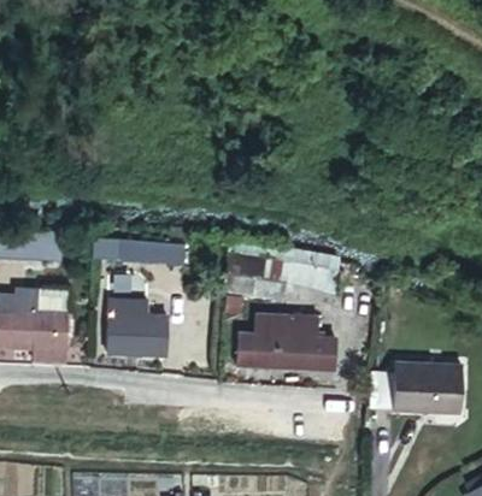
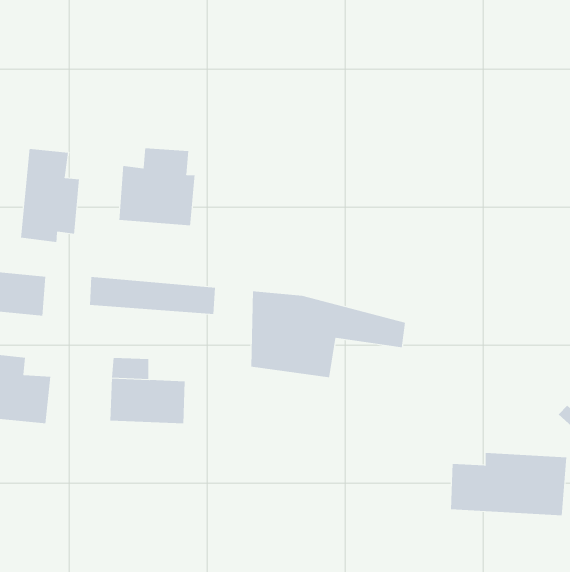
building: none -> [119,148,195,226]
building: none -> [20,148,79,243]
building: [236,317,334,370] -> none

